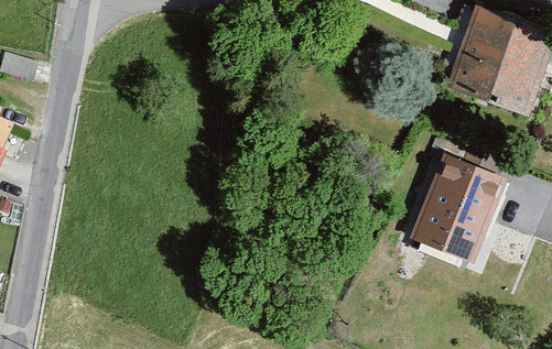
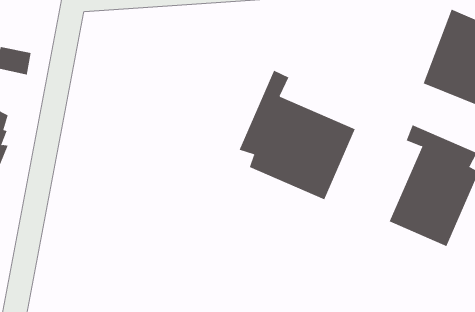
building: none -> [239,70,356,200]

